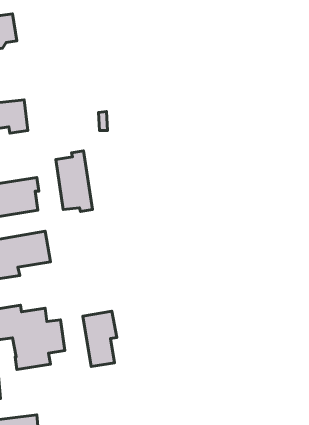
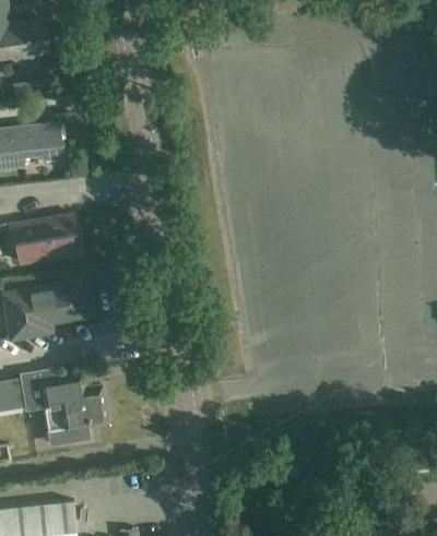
building: [56,151,93,212] -> none
building: [83,311,117,367] -> none

